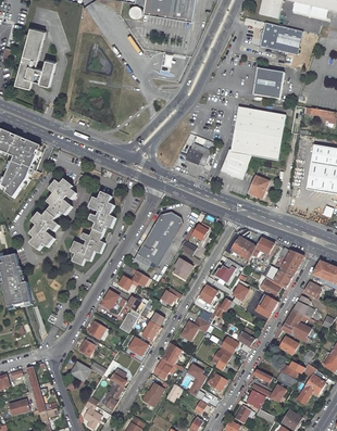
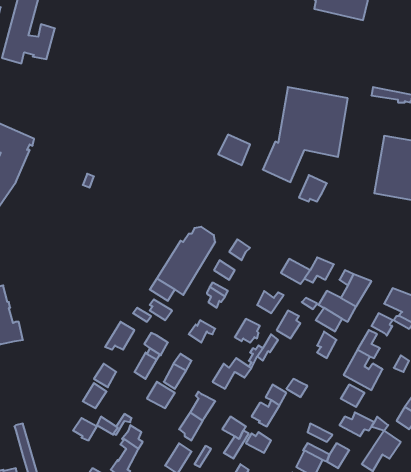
building: [252,67,284,98] -> none
building: [29,179,76,251] -> none
building: [71,192,116,266] -> none

